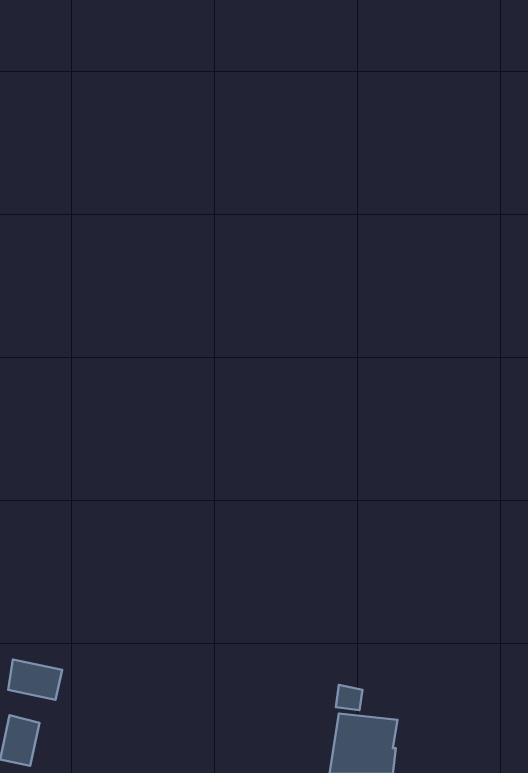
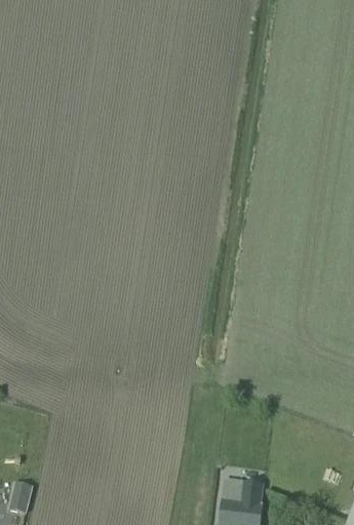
building: [8,659,62,700] -> none

